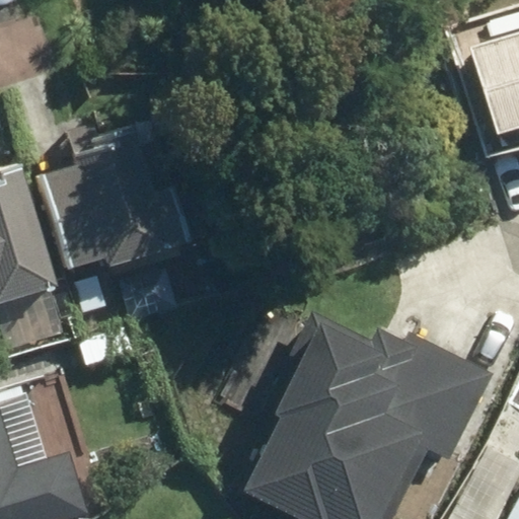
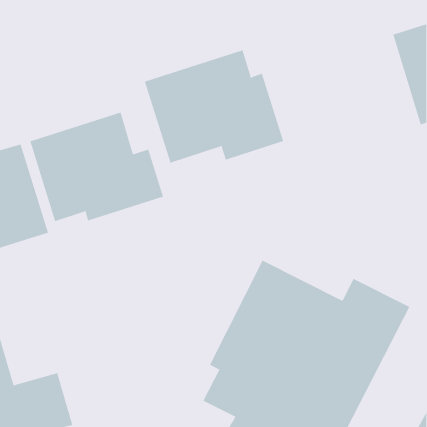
building: none -> [144,49,284,164]

